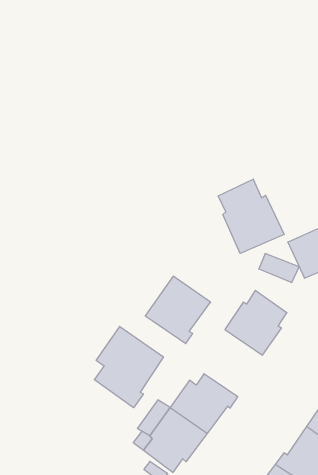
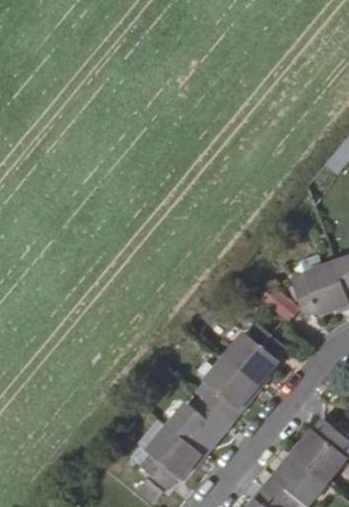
building: [218,179,284,253] -> none
building: [145,276,211,344] -> [196,357,258,421]
building: [94,326,163,408] -> none

